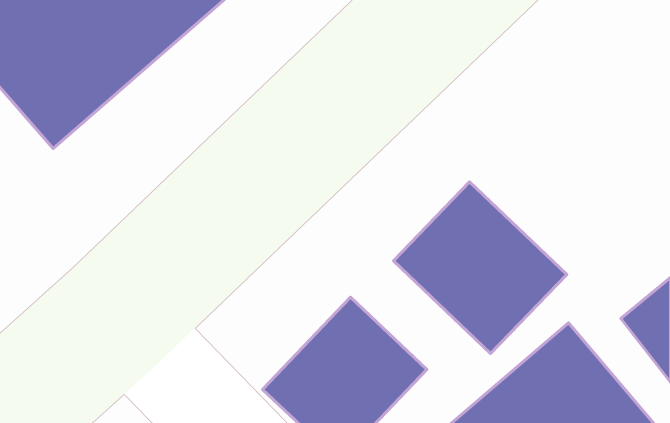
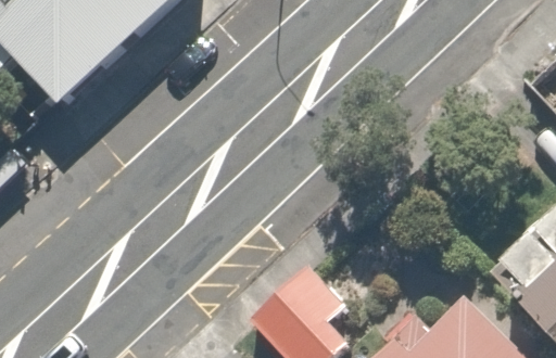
building: [393,182,567,354] -> none

